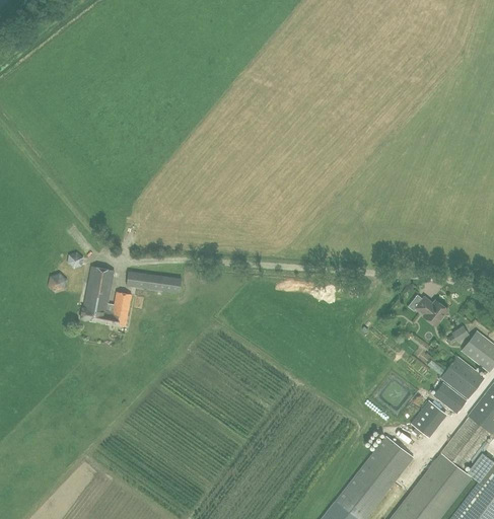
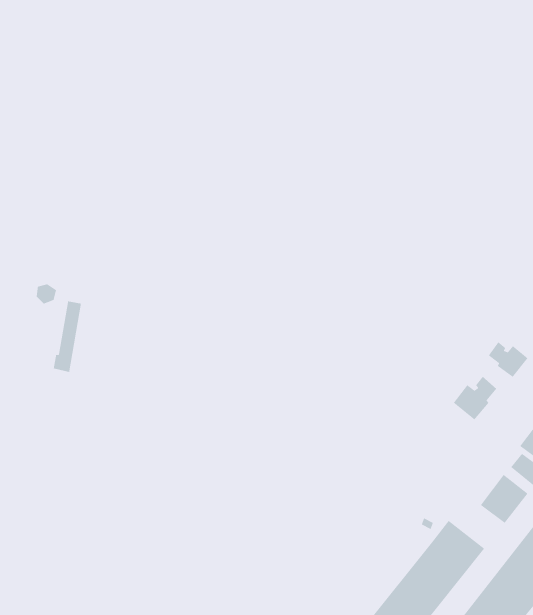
building: [93,268,131,326] -> none
building: [126,271,181,292] -> none
building: none -> [453,376,497,420]

